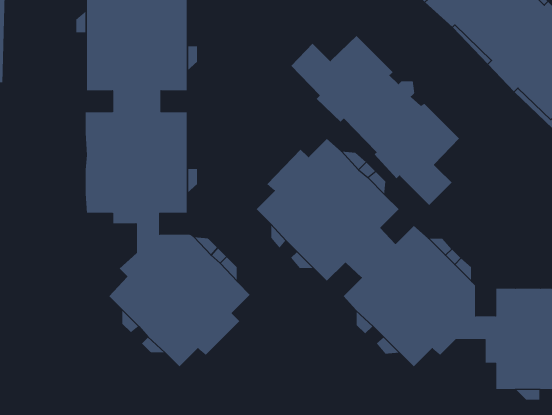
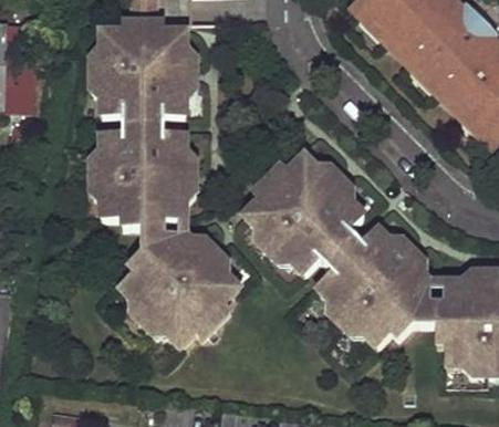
building: [291,35,460,206] -> none

